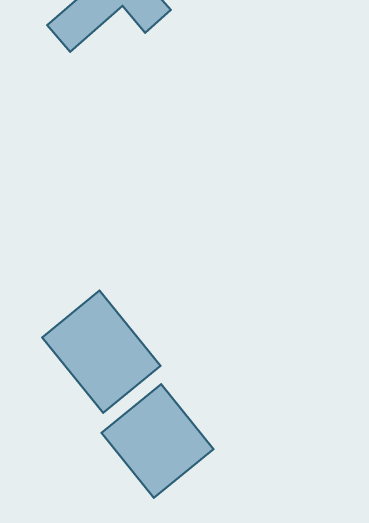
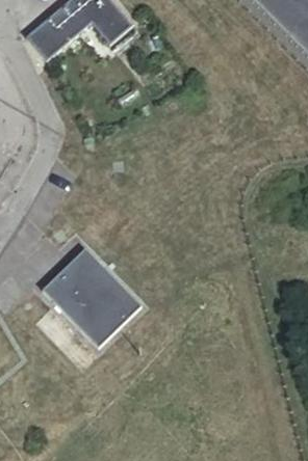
building: [101,384,214,498] -> none

